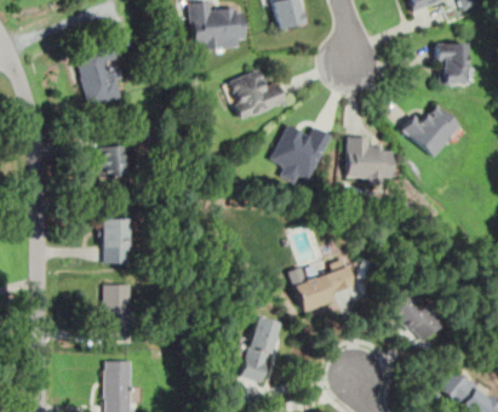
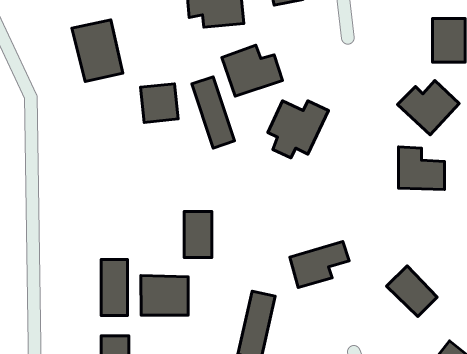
building: none -> [192,77,235,148]
building: [347,136,393,178] -> [399,147,445,189]
building: [95,142,132,181] -> [141,84,178,122]
building: [102,217,130,263] -> [184,211,212,257]
building: none -> [141,276,188,315]

